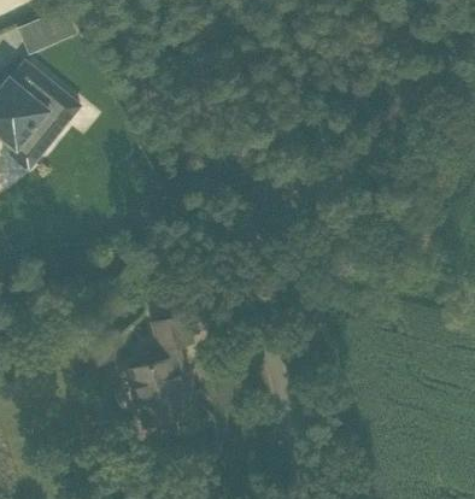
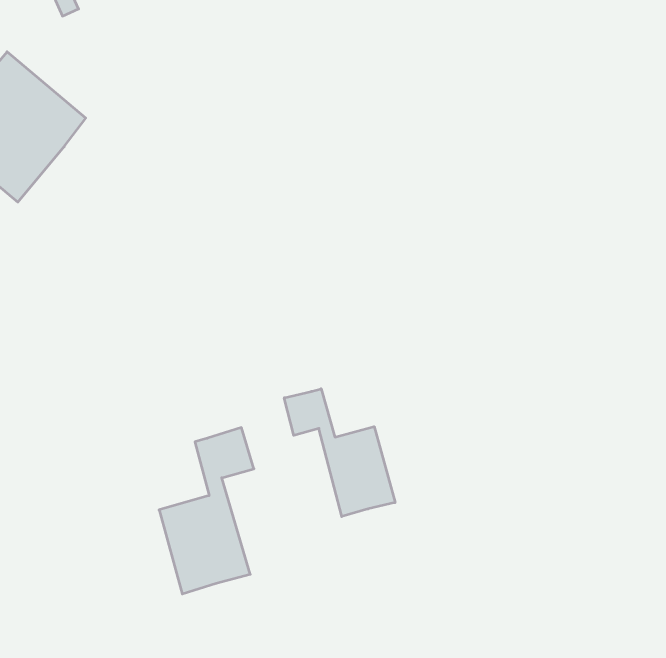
building: none -> [284,389,395,517]

